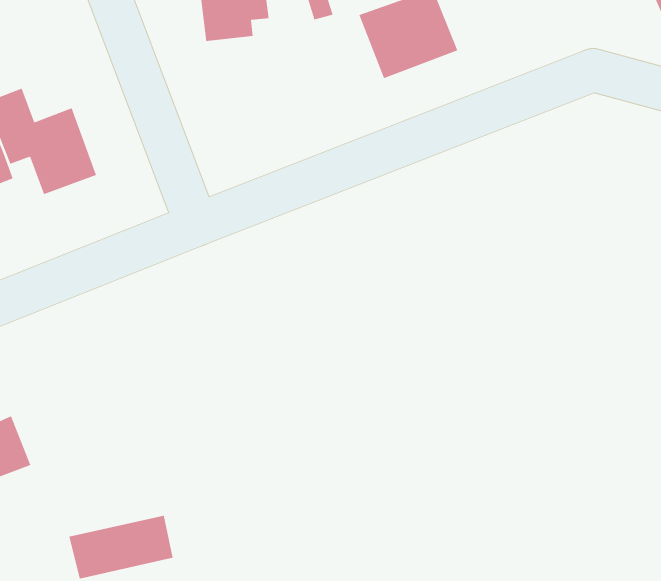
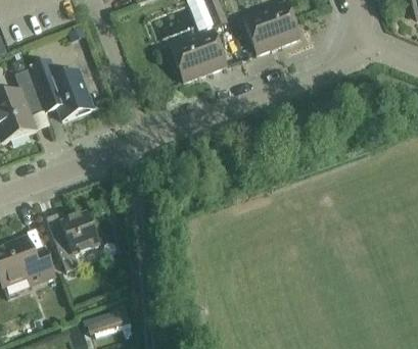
building: none -> [170,29,227,81]
building: none -> [46,212,98,270]

